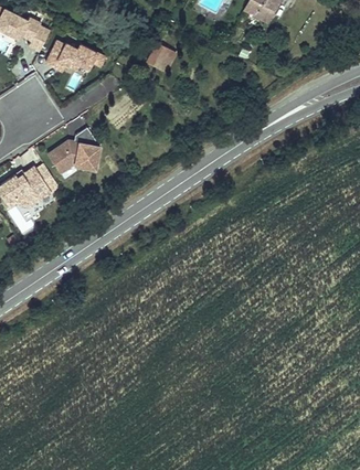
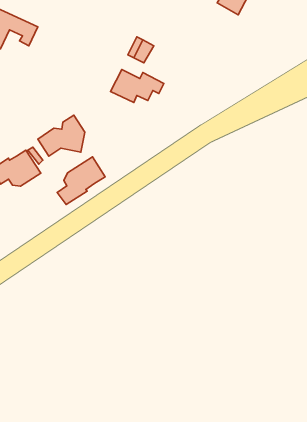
building: [45,41,104,77] -> [111,69,164,103]
building: none -> [57,157,105,205]

